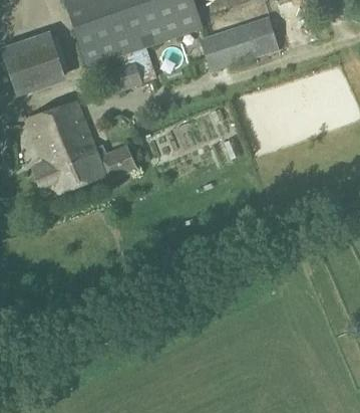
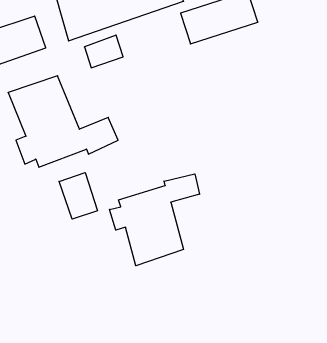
building: none -> [59,173,98,219]
building: none -> [110,174,200,266]

